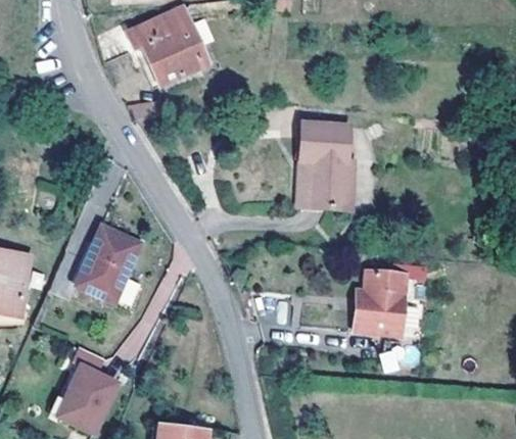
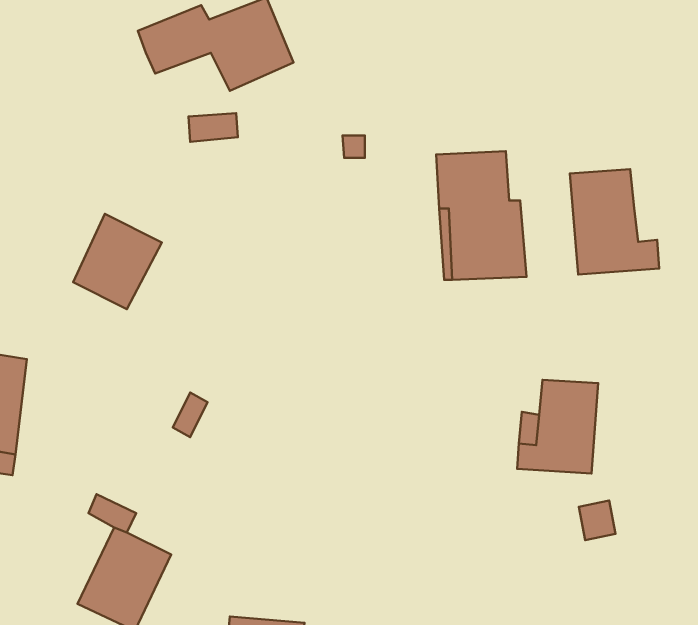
building: none -> [570,169,659,275]
building: [85,237,142,298] -> [73,214,162,309]

